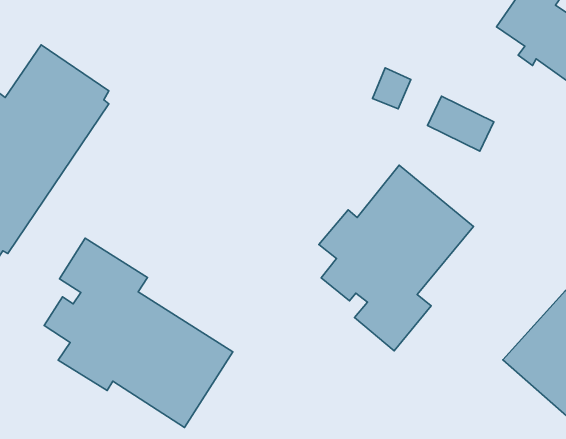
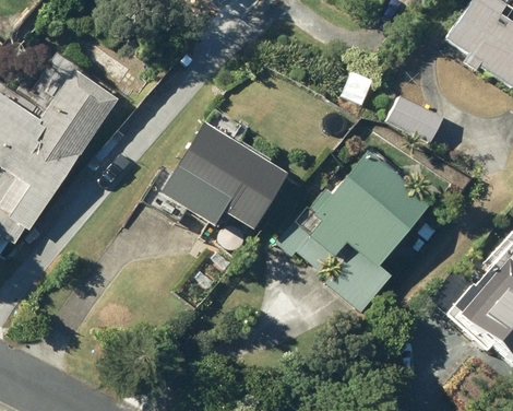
building: none -> [146,107,288,212]
building: [44,238,233,428] -> none

